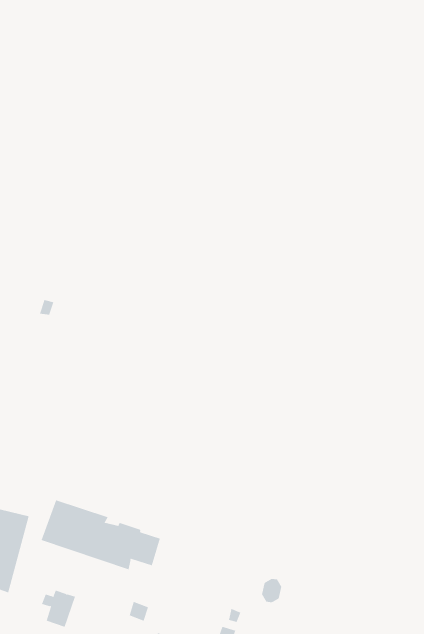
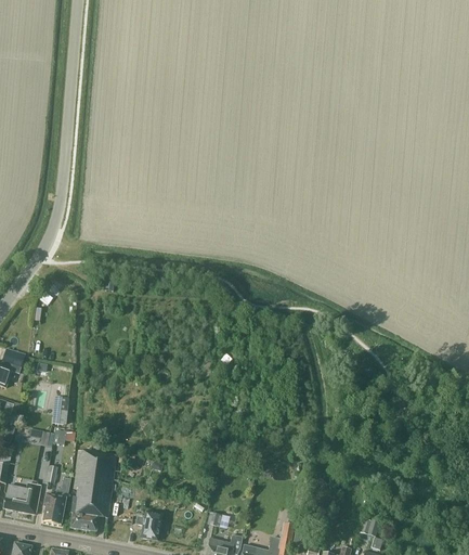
building: [41,500,160,570] -> none

